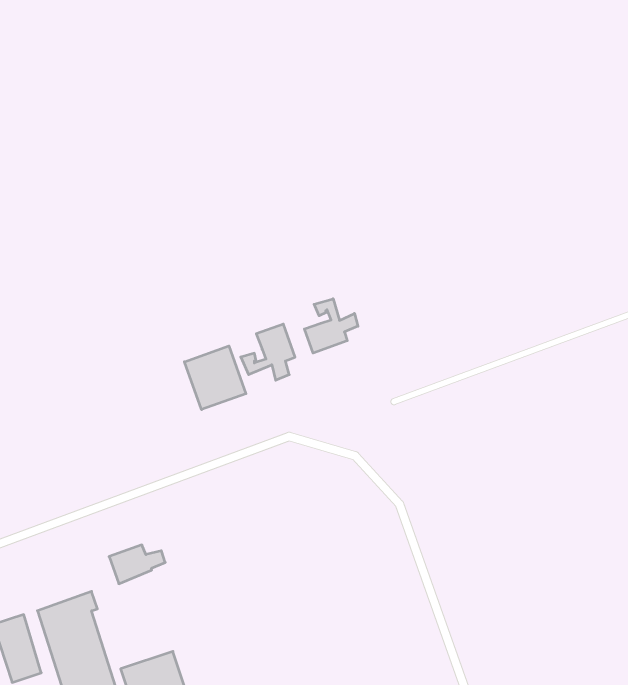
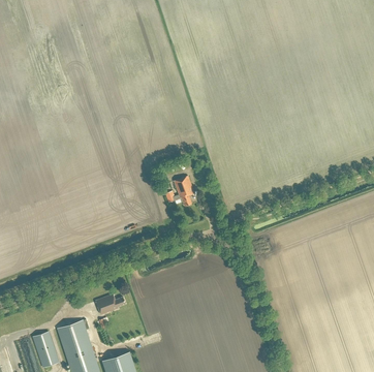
building: [304,299,358,353] -> none
building: [184,346,246,410] -> none

